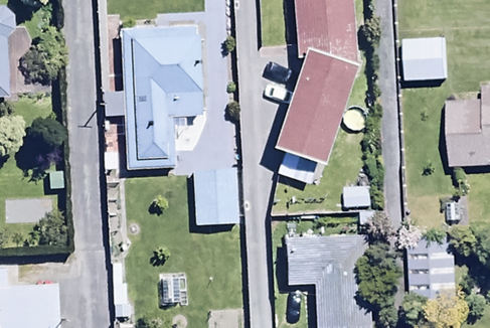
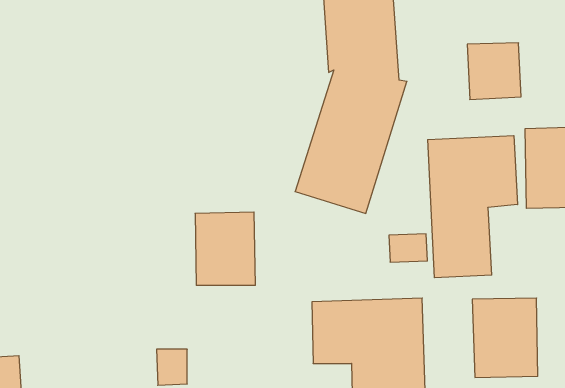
building: [118,26,205,169] -> none
building: none -> [428,136,518,278]

